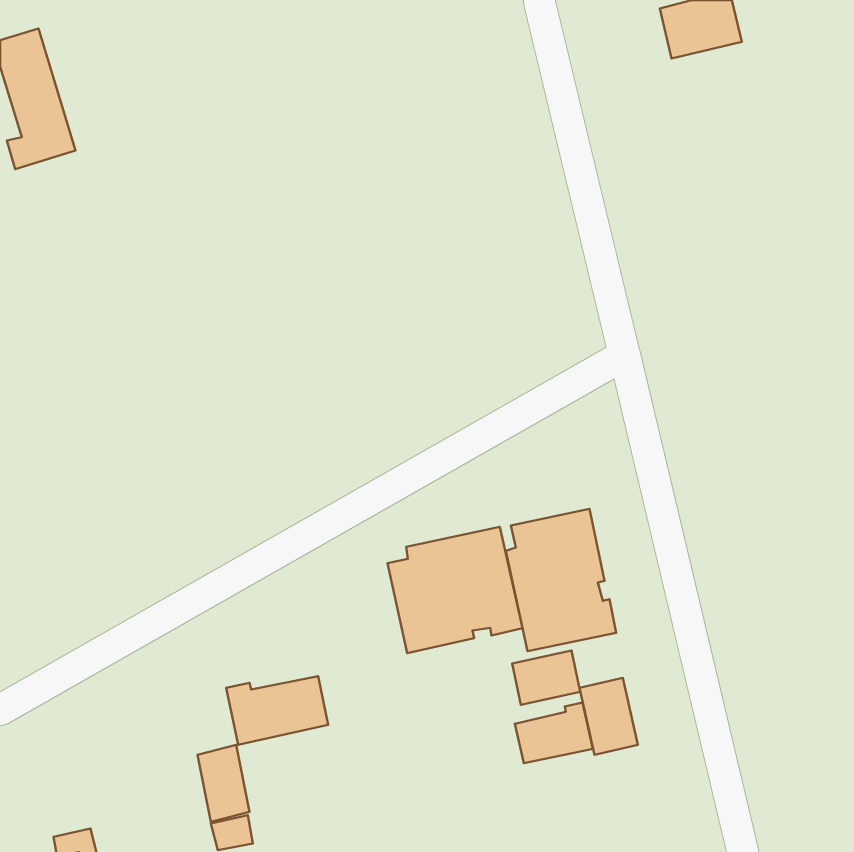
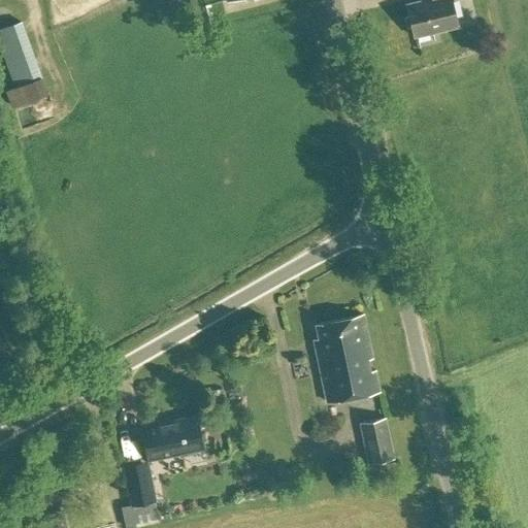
building: [387,527,523,653] -> none
building: [512,651,580,705] -> none
building: [515,702,593,763] -> none

